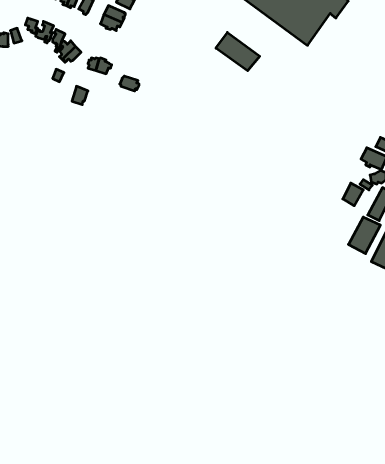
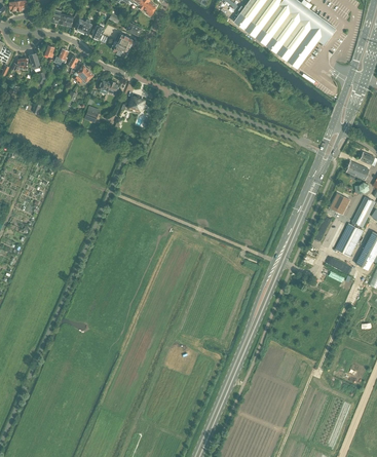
building: [216,32,260,71] -> none

